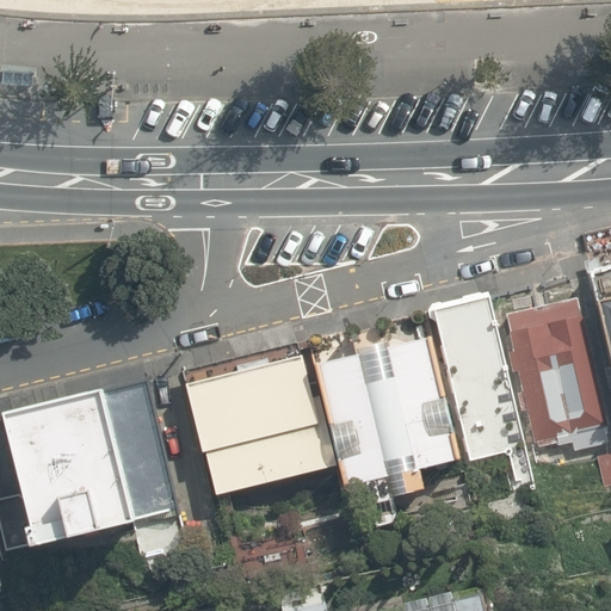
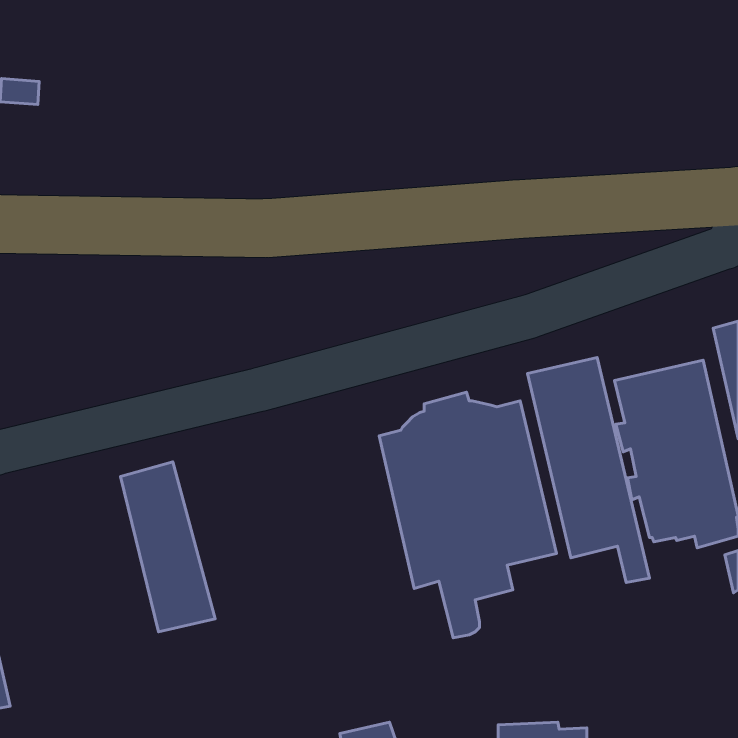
building: [179,341,334,495] -> none
building: [5,395,130,548] -> none

